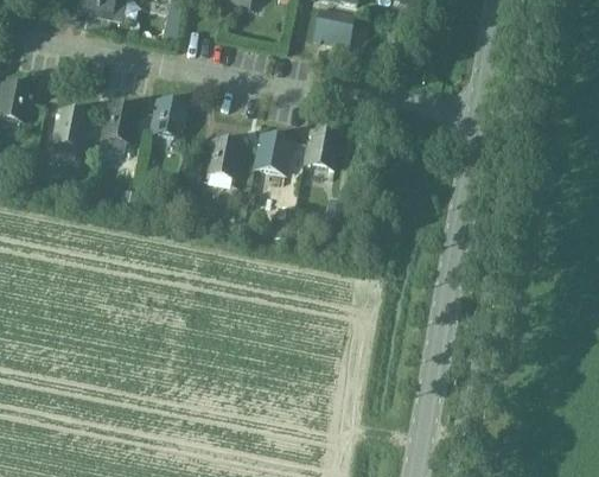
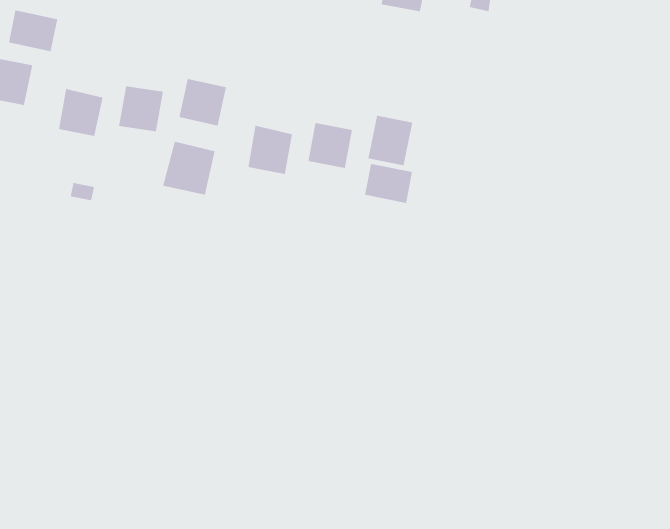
building: none -> [8,10,58,52]
building: none -> [162,141,215,195]
building: none -> [364,163,413,204]

